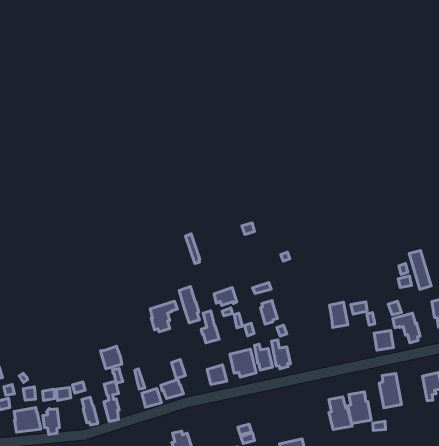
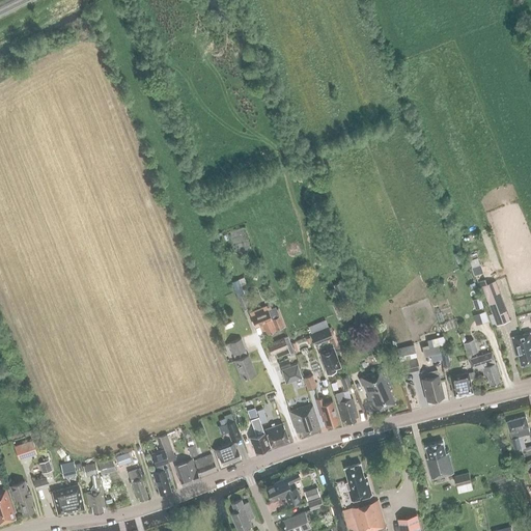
building: none -> [249,305,283,334]
building: [150,301,177,332] -> none
building: [201,311,219,343] -> [249,416,270,452]
building: none -> [359,367,394,411]
building: none -> [421,370,444,401]
building: [100,346,122,369] -> [174,459,199,485]
building: [379,374,402,408] -> none
building: [329,397,352,430] -> [343,464,371,501]
building: none -> [267,473,302,506]

